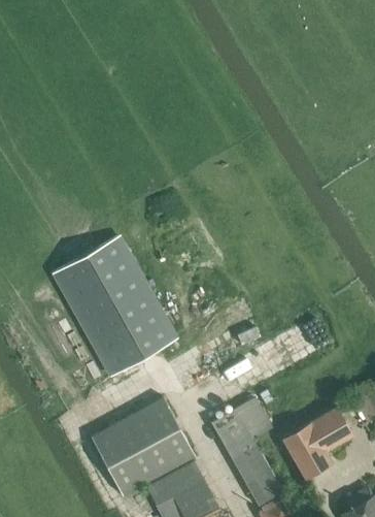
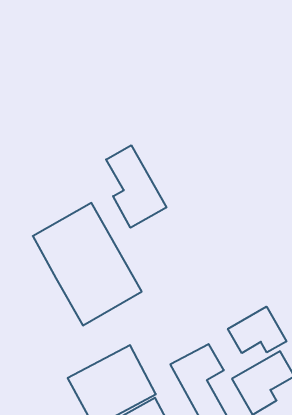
building: none -> [106,145,166,228]
building: none -> [228,307,286,353]

